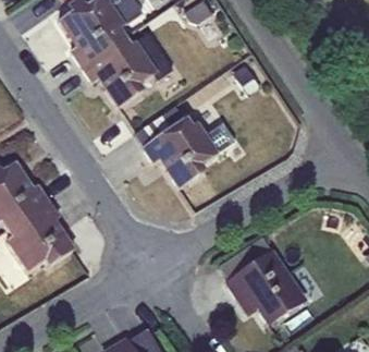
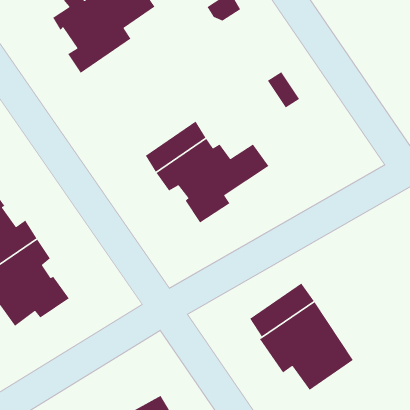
building: [82,32,173,107] -> none

